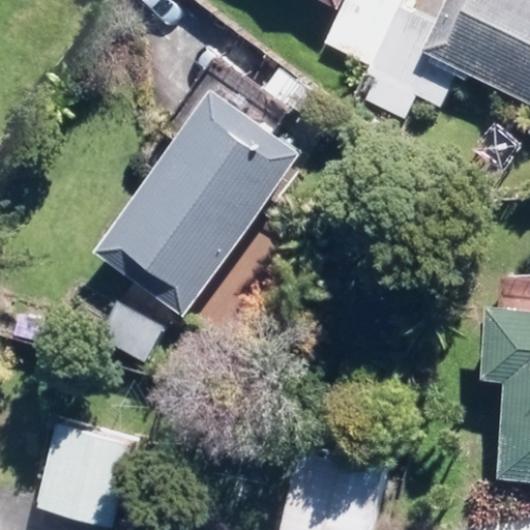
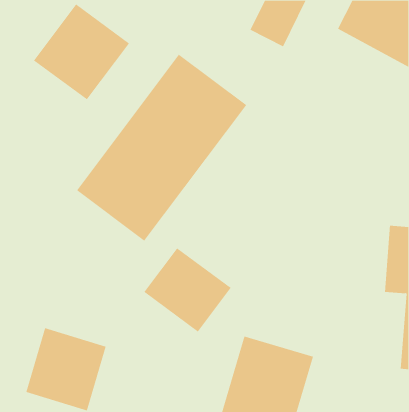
building: none -> [33,4,130,100]
building: none -> [143,247,231,332]

